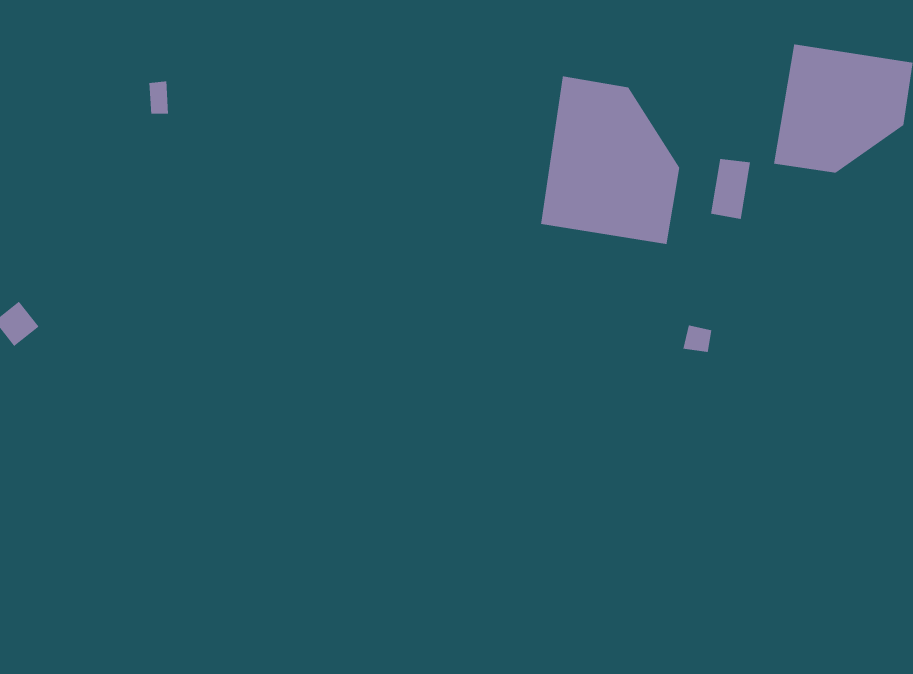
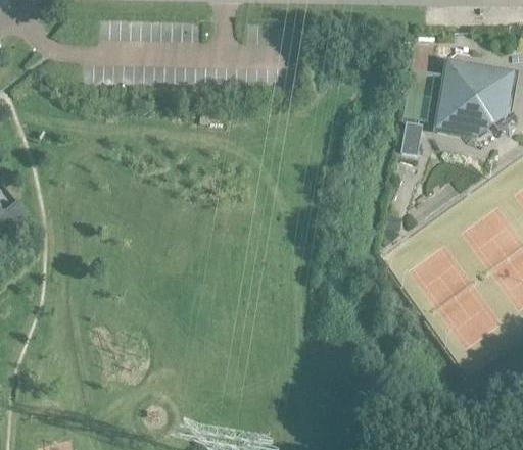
building: [540,76,680,245] -> none

